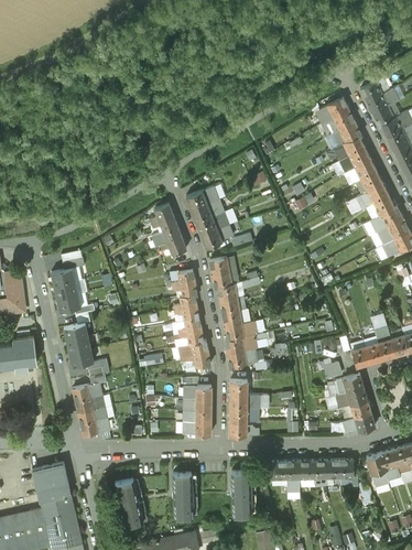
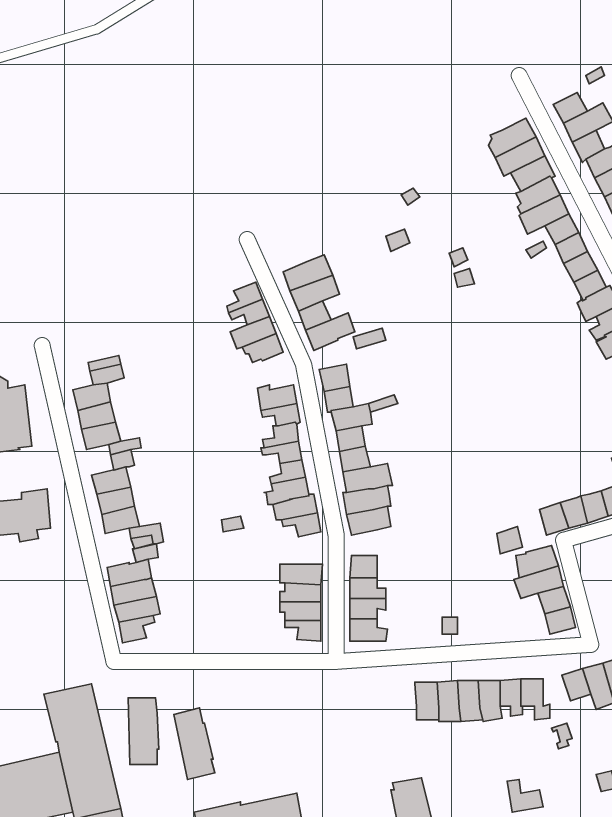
building: [231,472,251,515] -> none
building: [173,473,193,516] -> [128,698,159,765]

